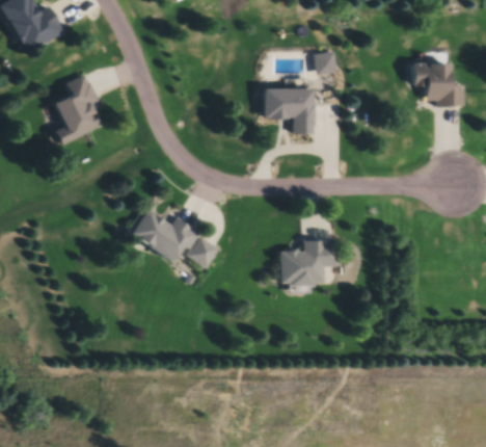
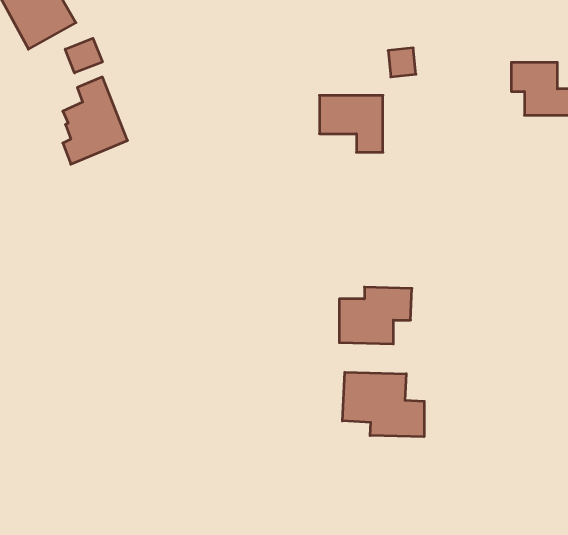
building: none -> [65,38,102,73]
building: [133,208,221,268] -> none
building: none -> [342,372,424,437]

